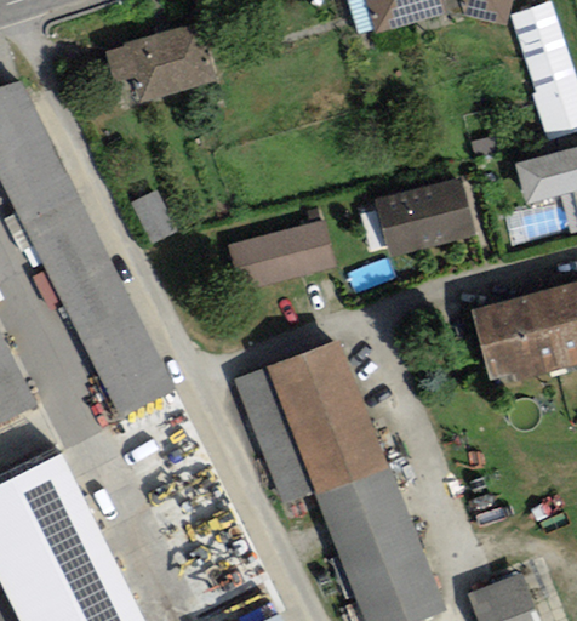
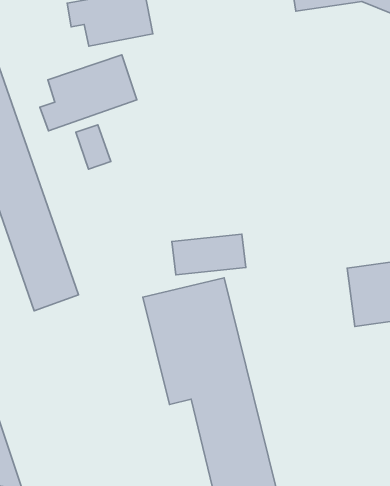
building: none -> [40,55,137,131]
building: [377,183,474,252] -> none
building: [242,227,331,284] -> [172,234,246,275]

